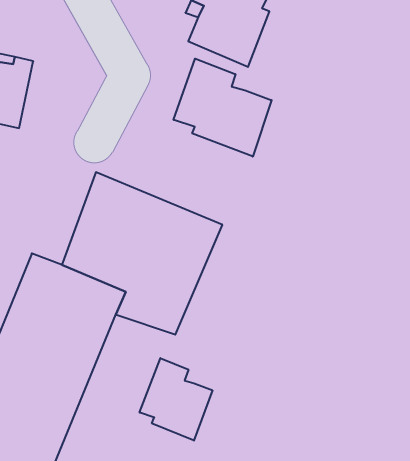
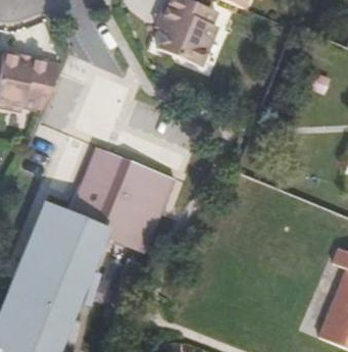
building: [174,59,272,157] -> none
building: [140,358,212,441] -> none

